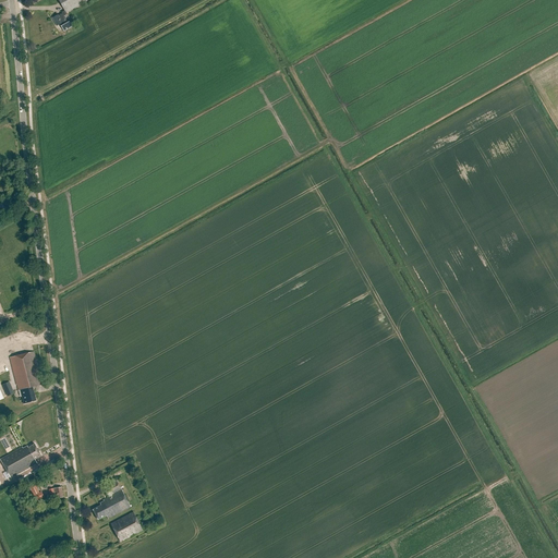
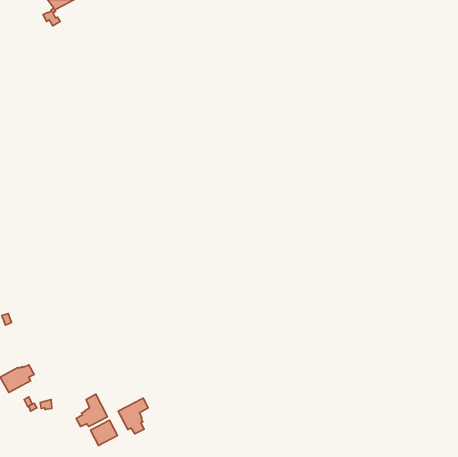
building: [9,350,41,403] -> none
building: none -> [118,398,148,434]

